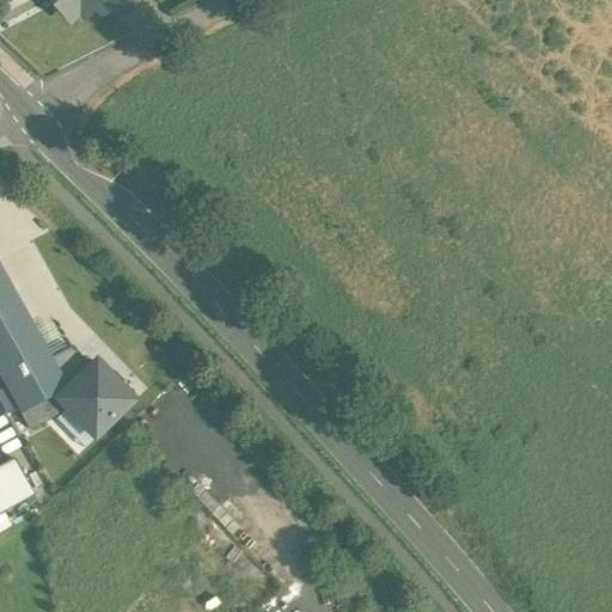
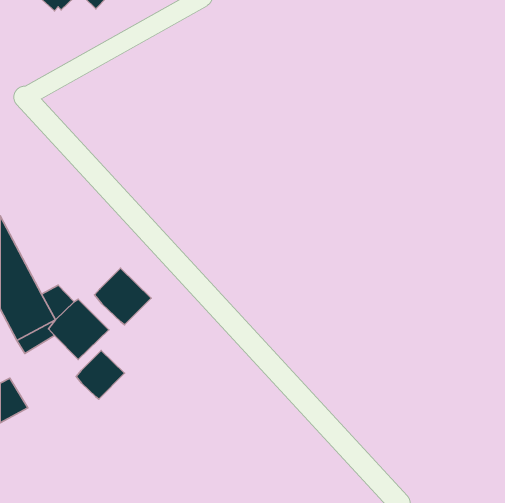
building: none -> [95,268,151,325]
building: none -> [76,351,125,399]

